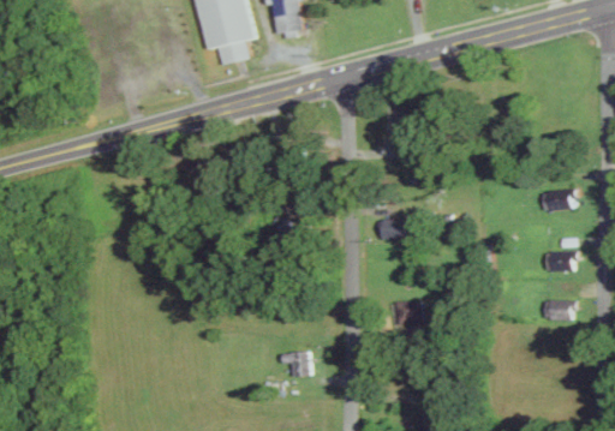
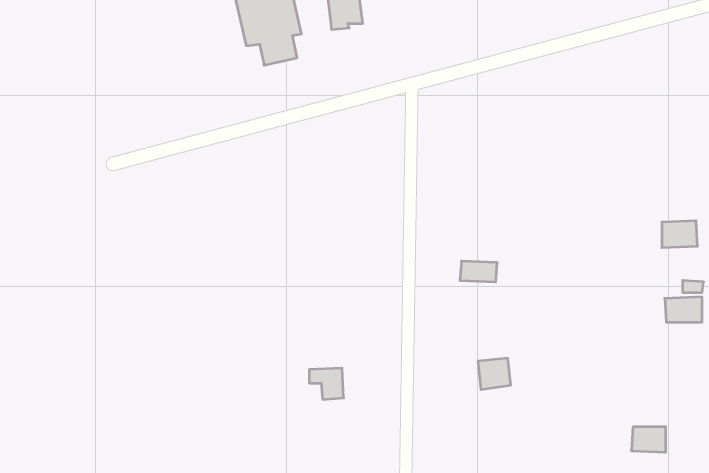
building: [543,299,571,319] -> [631,427,666,452]
building: [281,351,309,376] -> [309,368,344,399]

